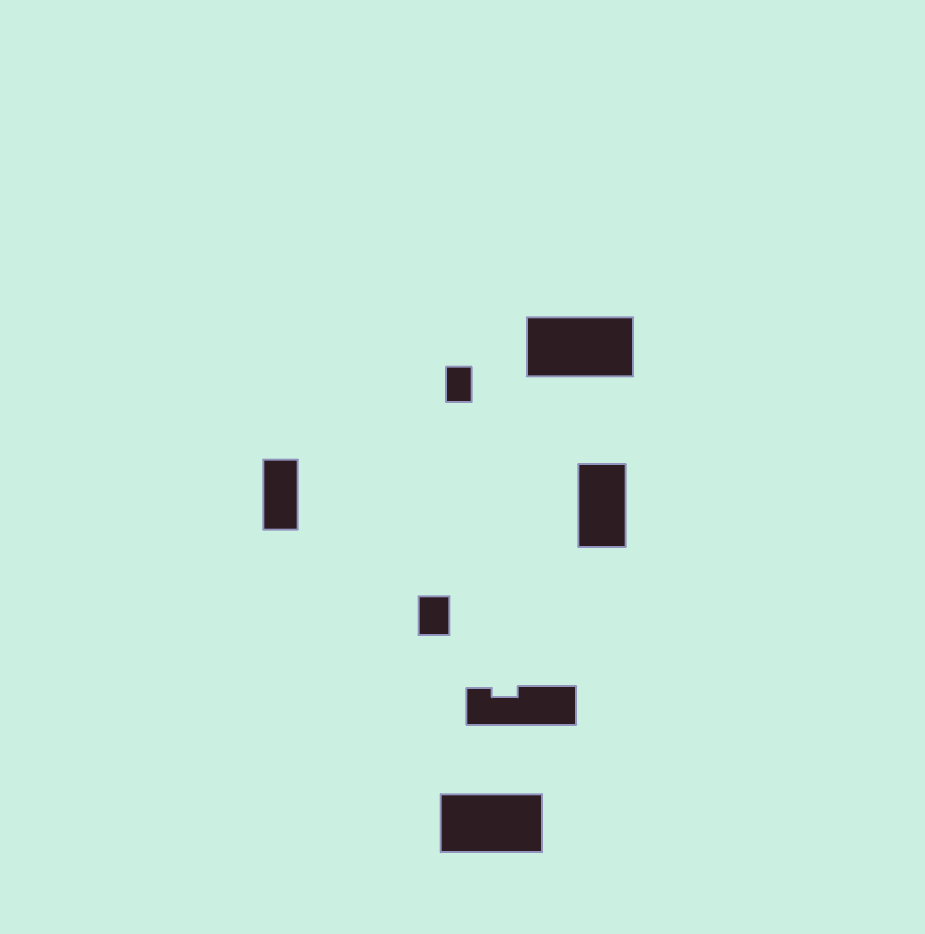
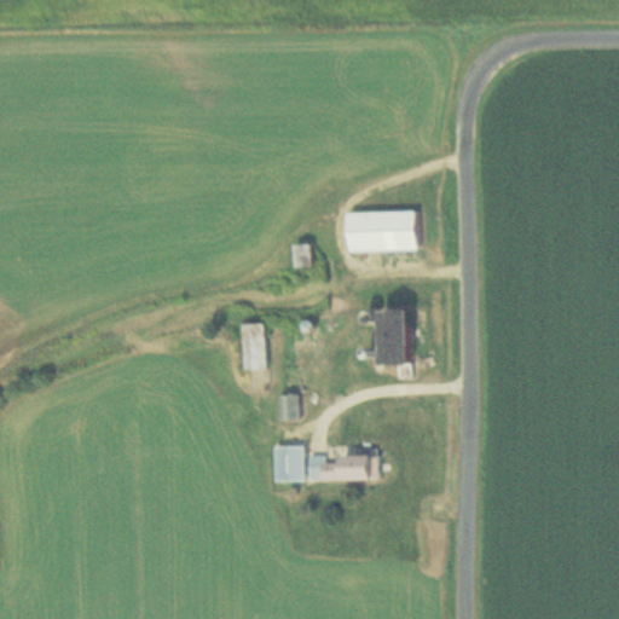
building: [263,460,298,529] -> [241,323,264,369]
building: none -> [271,446,303,481]
building: [441,794,542,852] -> none

